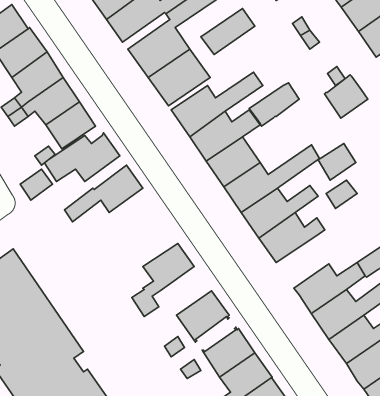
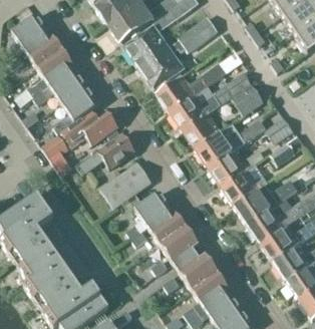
building: [325,75,368,118] -> [232,83,264,115]
building: none -> [99,160,151,207]
building: none -> [234,178,300,224]
building: none -> [147,208,186,244]

